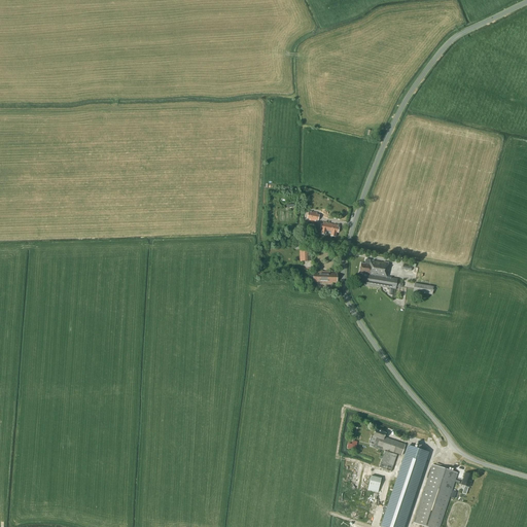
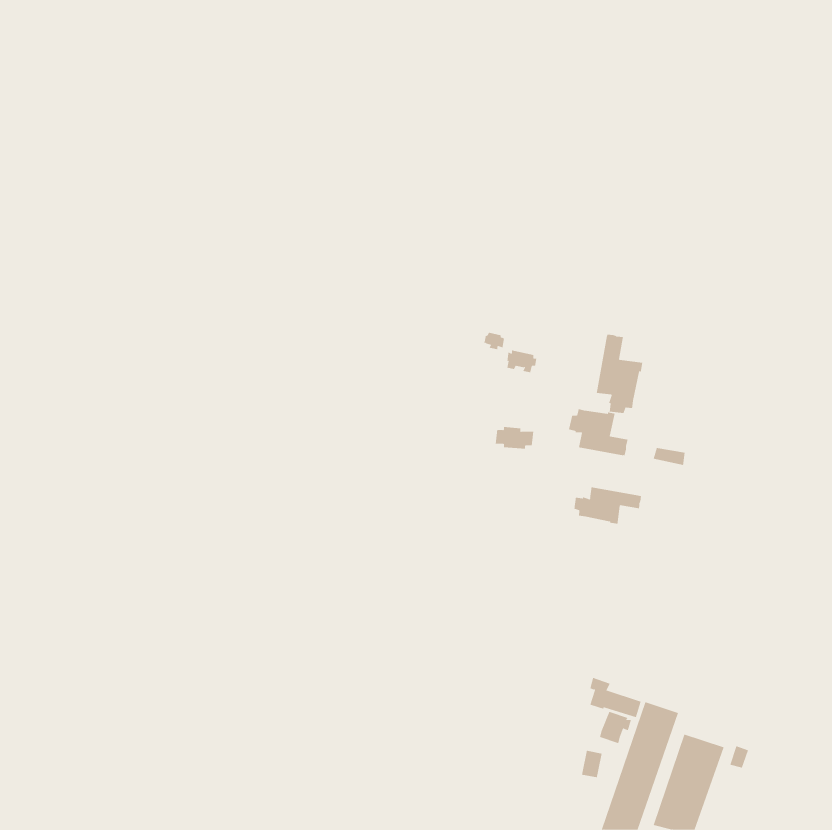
building: none -> [596,334,643,414]
building: none -> [574,487,641,525]

